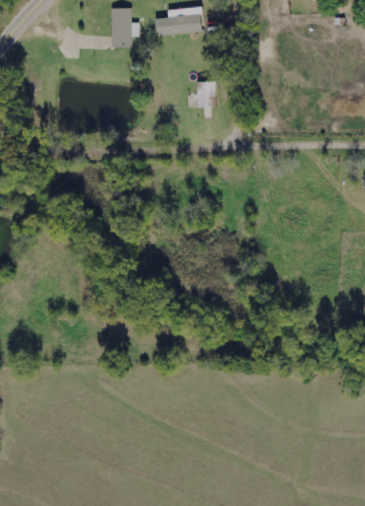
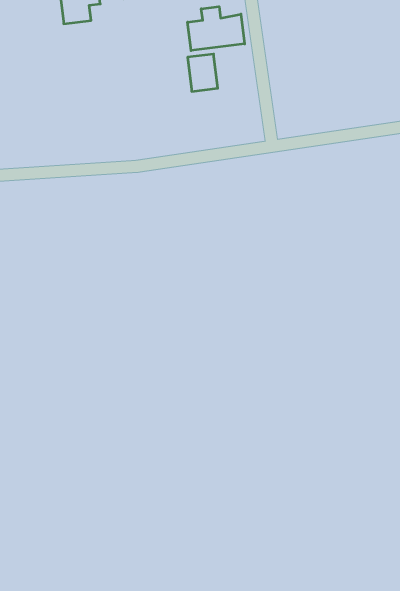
building: none -> [188,7,245,51]

